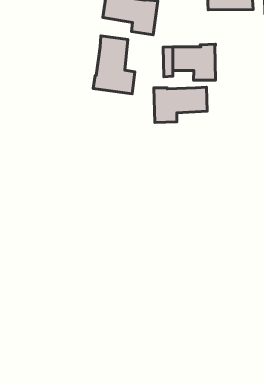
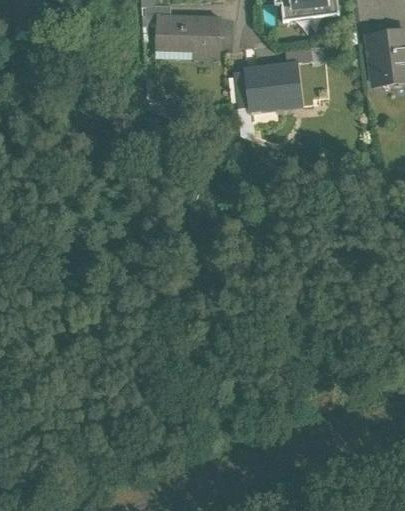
building: [93,36,135,94] -> none
building: [154,87,207,123] -> none

